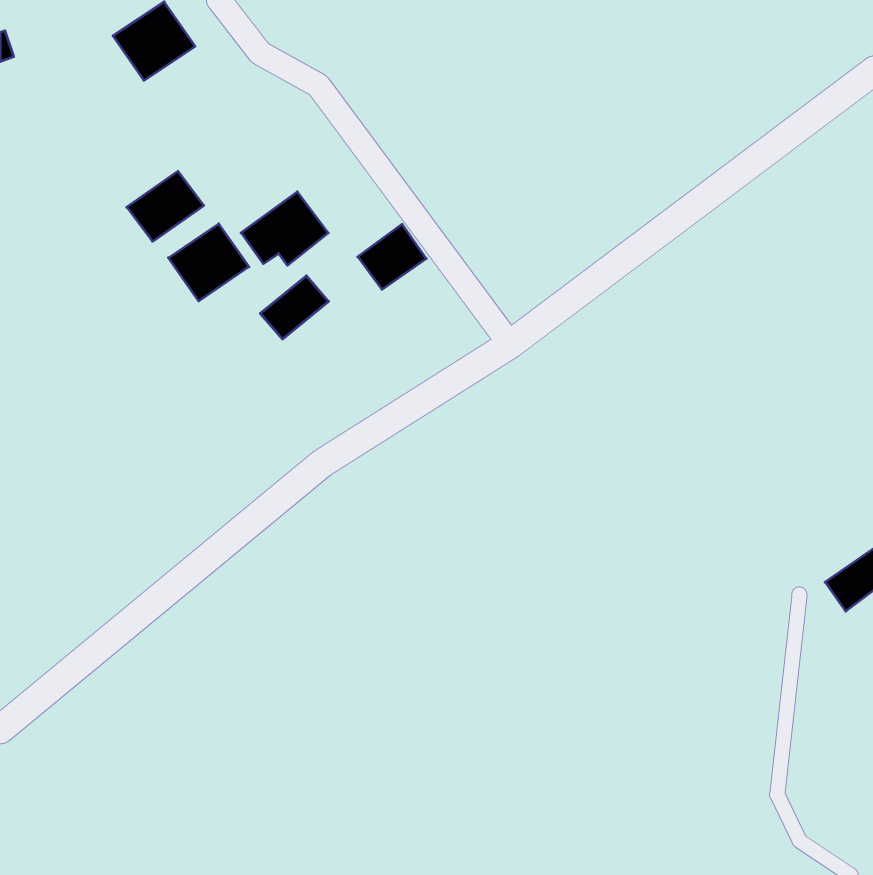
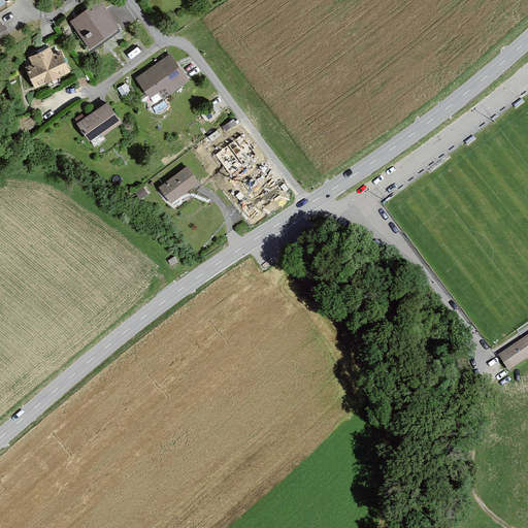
building: none -> [20,44,70,91]
building: [241,192,328,265] -> [136,55,189,99]
building: [168,224,249,301] -> none

